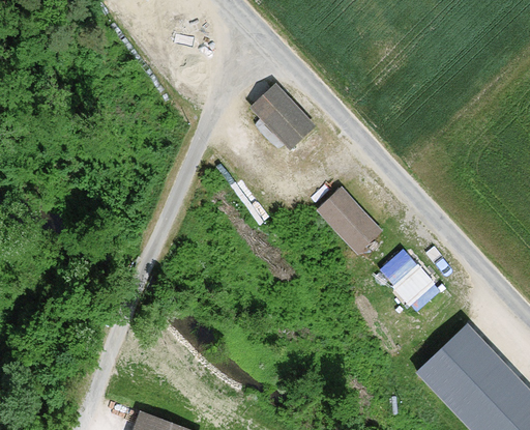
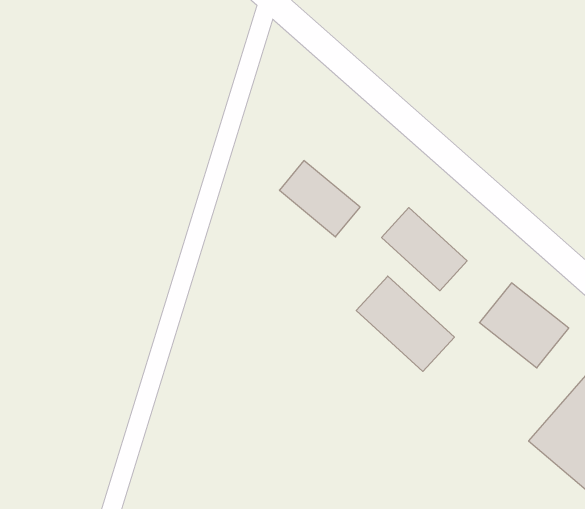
building: [253,86,313,146] -> [279,161,360,237]
building: none -> [356,276,454,371]

